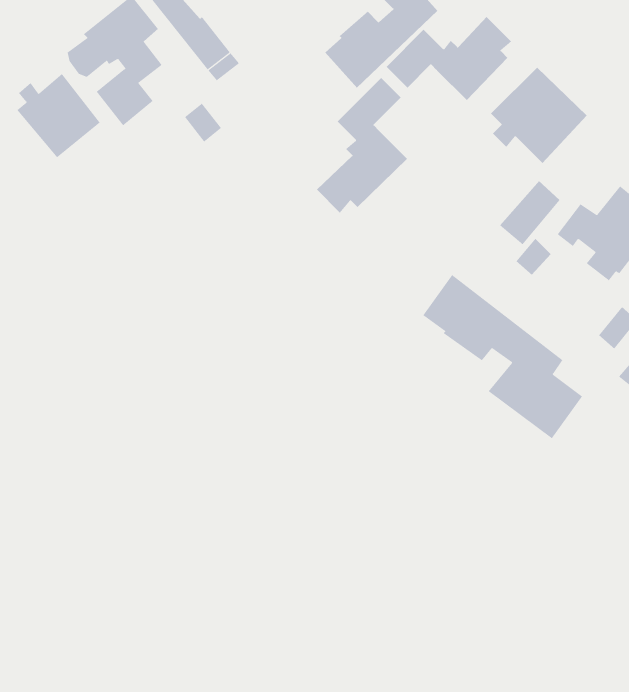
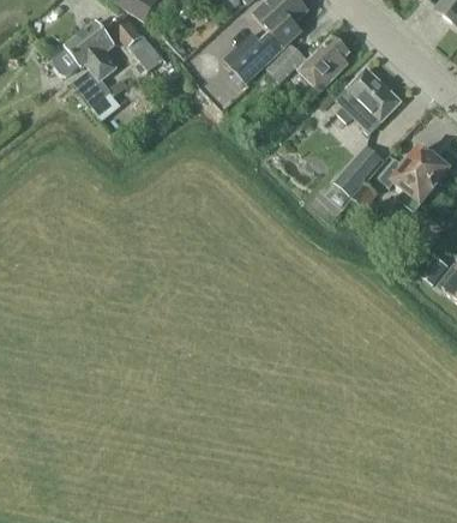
building: [17,73,101,158] -> none
building: [316,77,408,213] -> none
building: [423,274,583,439] -> none

